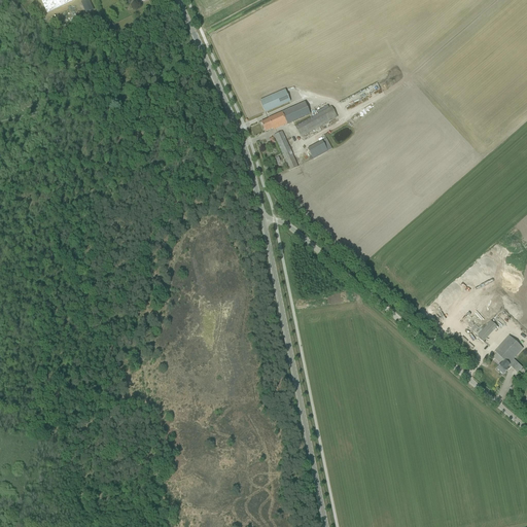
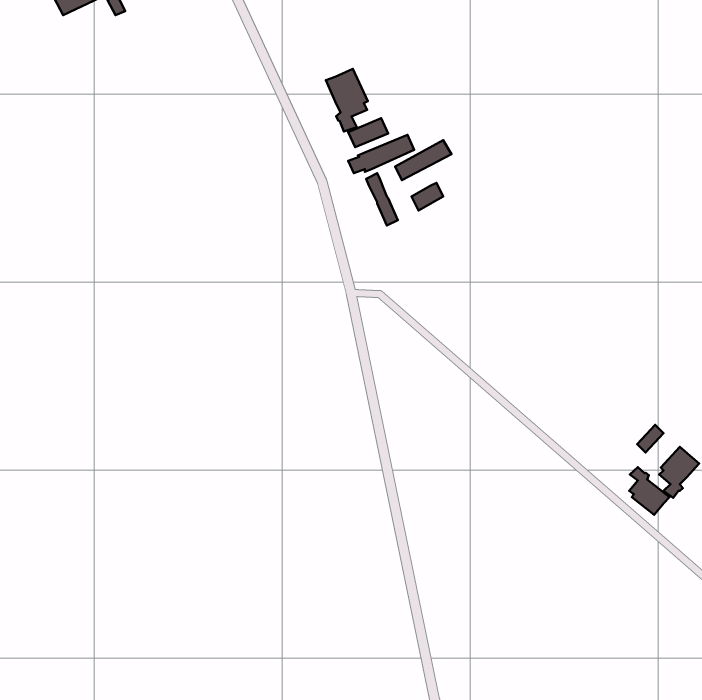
building: none -> [326,69,368,131]
building: none -> [629,467,669,515]

